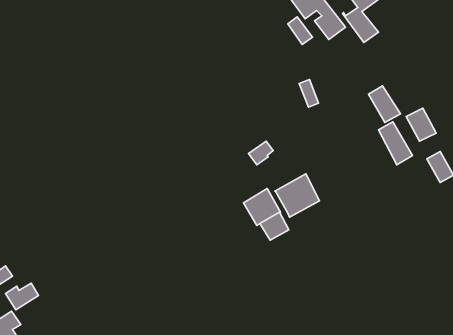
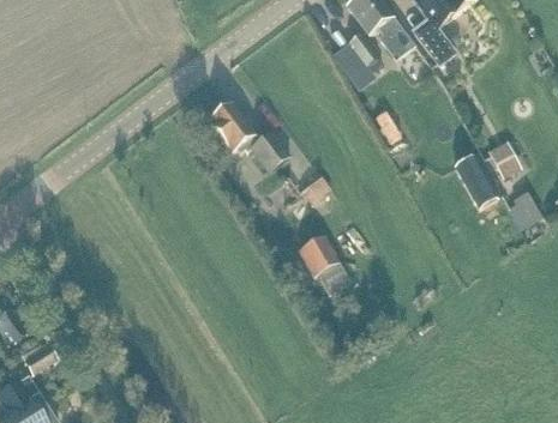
building: none -> [330,41,373,90]
building: none -> [208,102,288,170]
building: [368,86,400,123] -> none
building: [275,174,320,217] -> none

